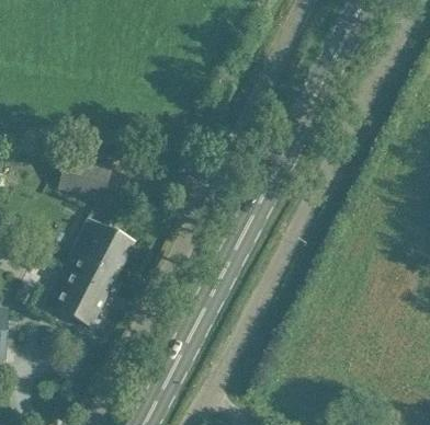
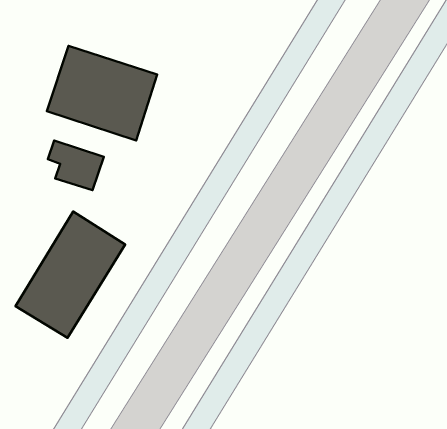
building: none -> [47,46,157,140]

